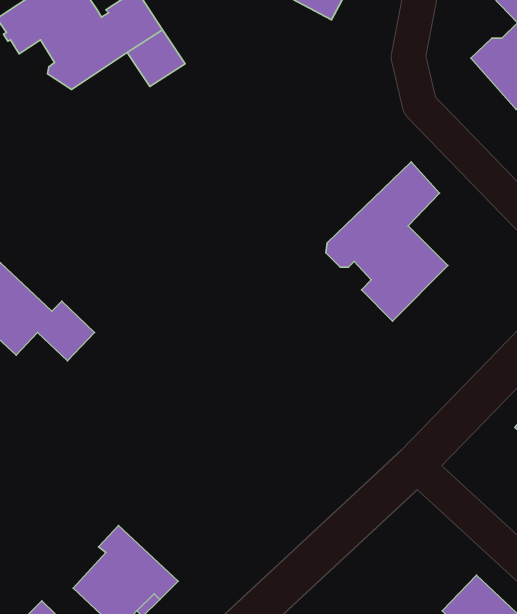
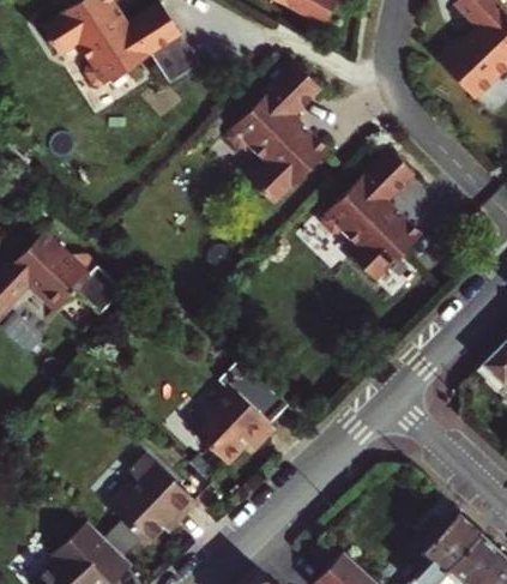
building: none -> [228,61,330,205]
building: none -> [188,360,285,462]

